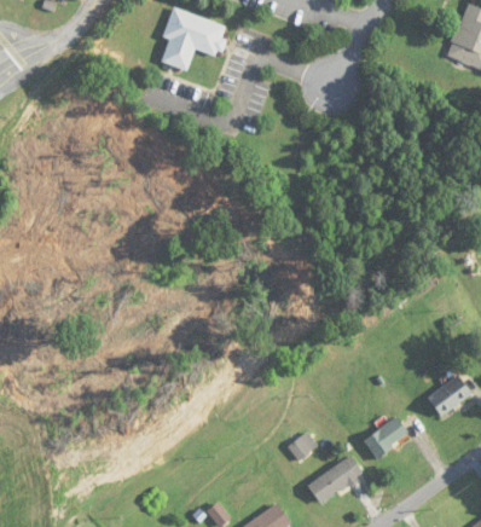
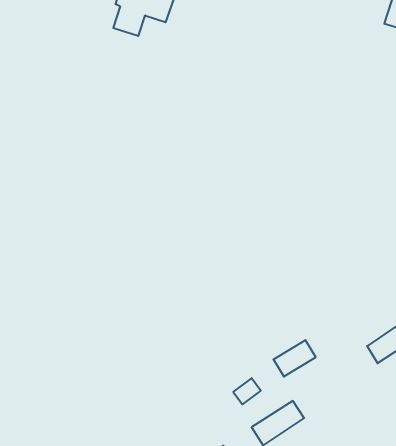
building: [364,417,408,456] -> [273,340,316,377]

